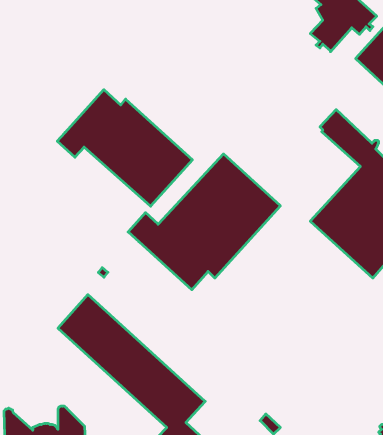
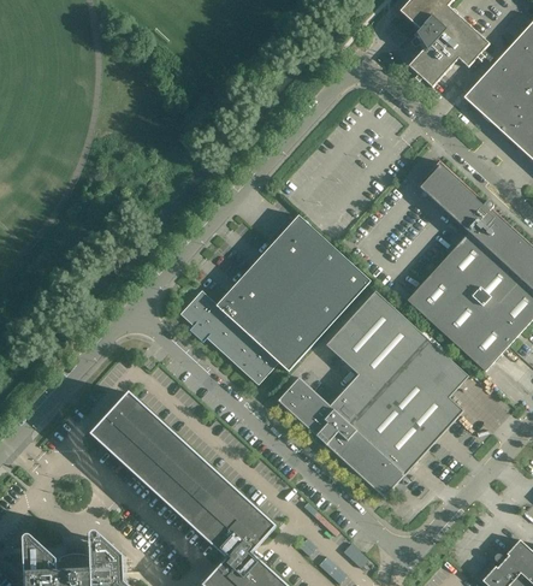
building: [57,90,192,206] -> none
building: none -> [277,290,469,498]

